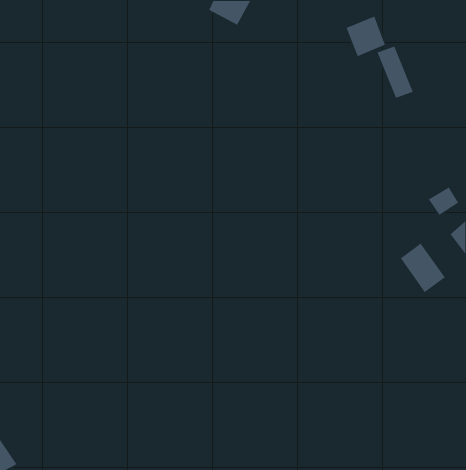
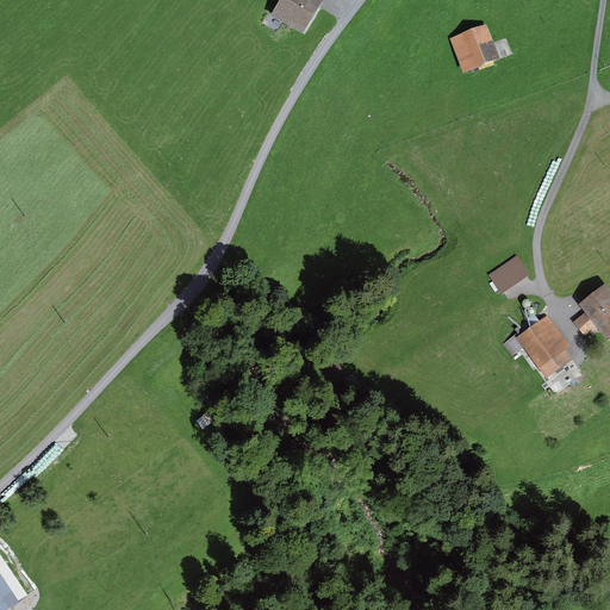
building: [376,45,414,99] -> none
building: [428,186,459,216] -> [488,253,529,291]

